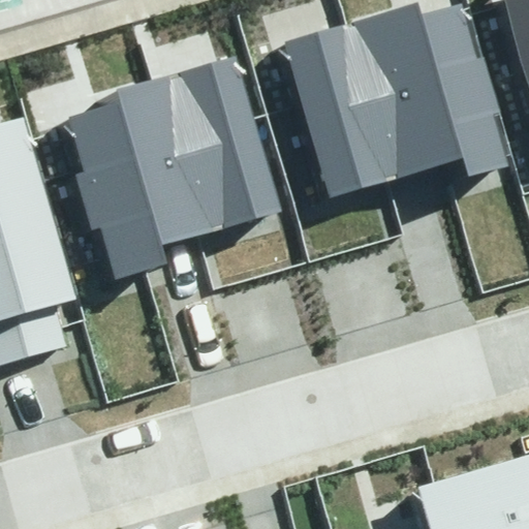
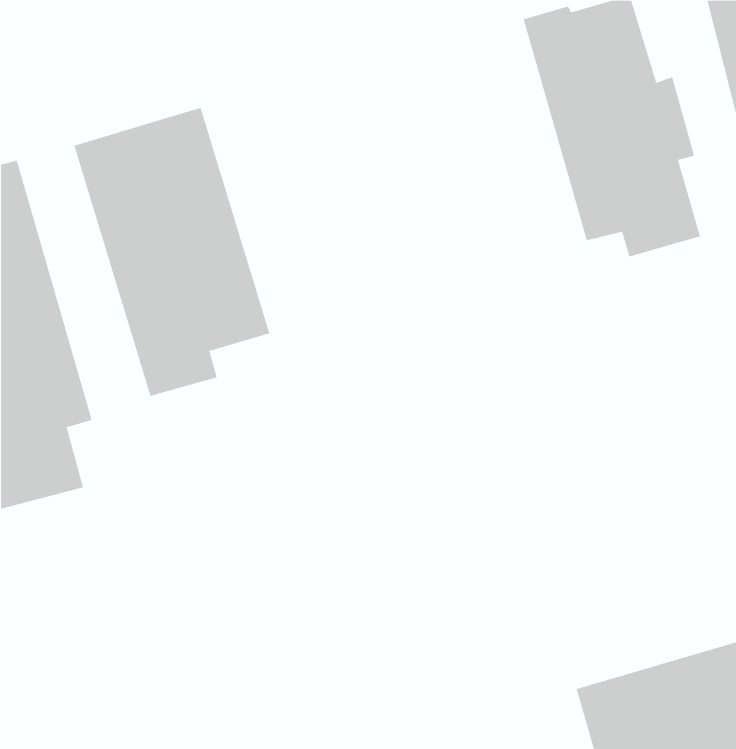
building: [282,14,423,197] -> none
building: [152,54,277,236] -> none

